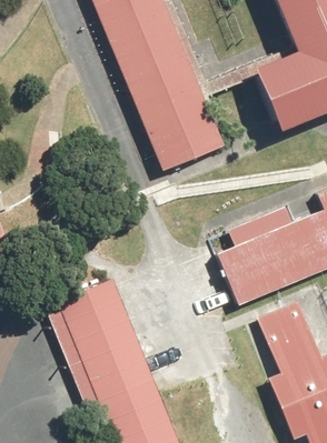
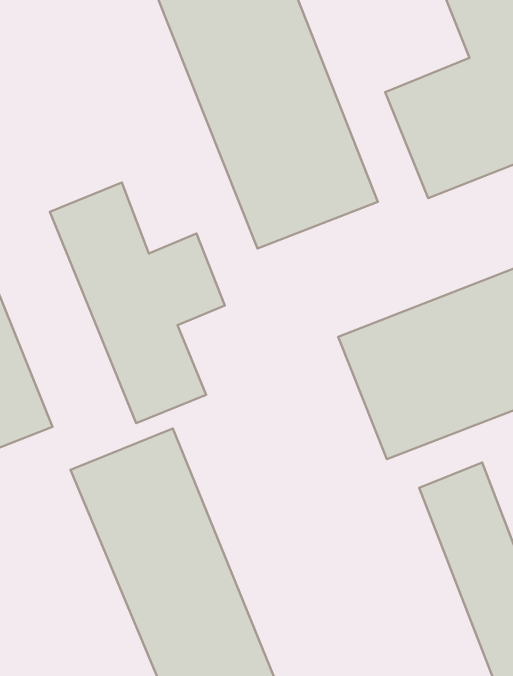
building: none -> [50,183,225,423]

